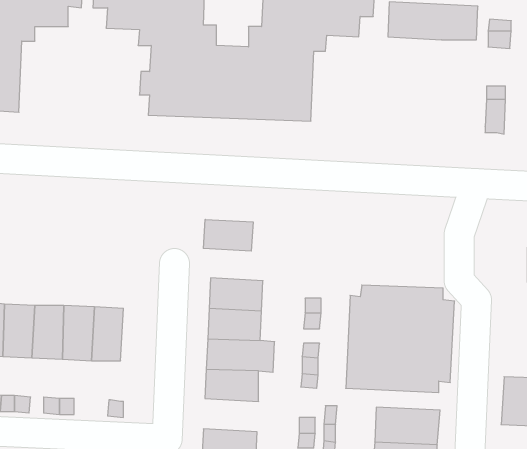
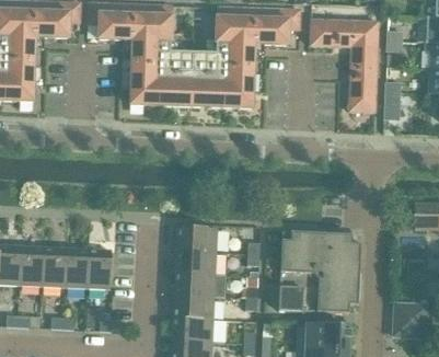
building: none -> [349,46,378,112]
building: [203,219,253,251] -> none
building: none -> [172,316,213,342]

